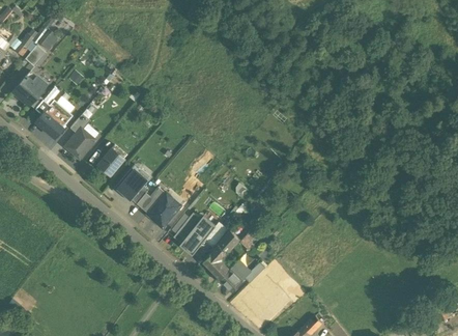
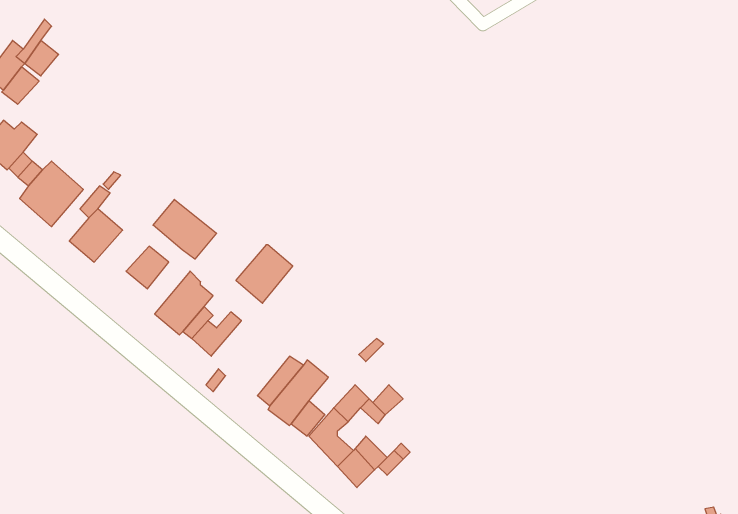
building: none -> [153,199,217,259]
building: [147,193,180,227] -> [236,245,293,303]

